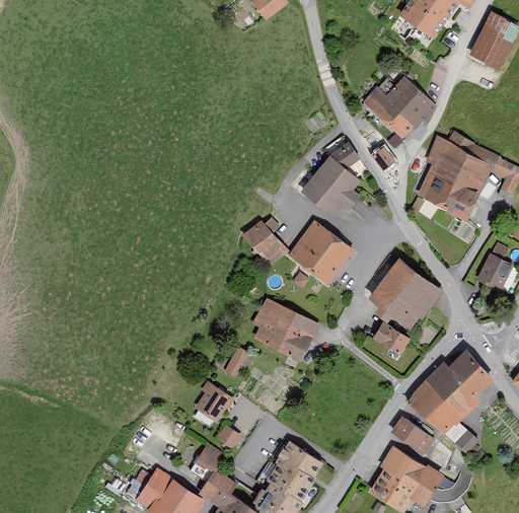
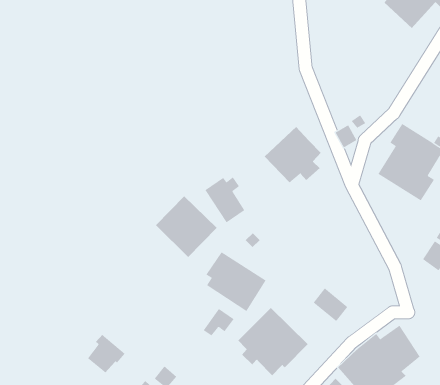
building: [364,77,433,137] -> none
building: [328,142,359,169] -> none
building: [287,221,353,286] -> [155,195,217,258]
building: [367,259,442,331] -> [237,307,308,376]
building: [223,348,254,378] -> [203,308,234,336]
building: [194,382,233,423] -> [87,334,125,373]

